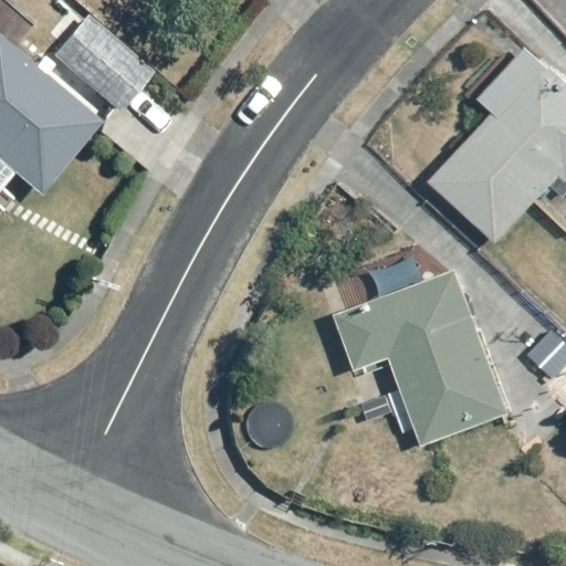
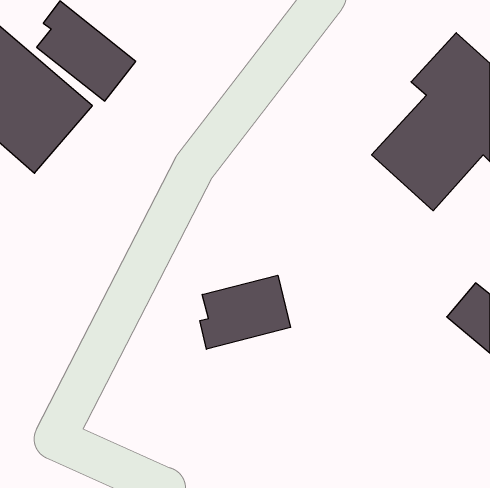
building: [337,274,506,441] -> none
building: none -> [200,275,291,349]

